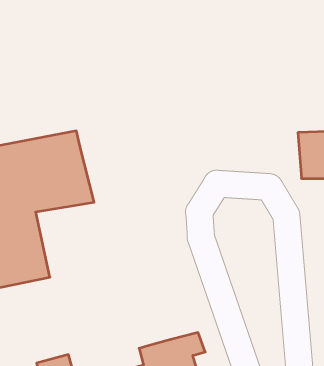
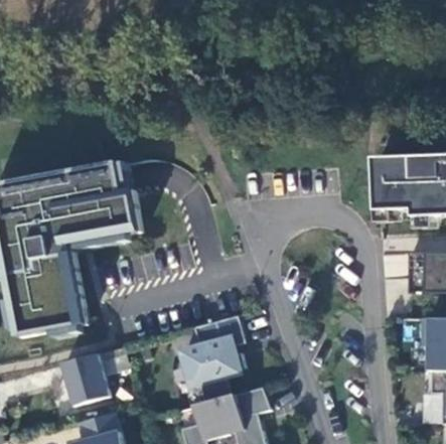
building: none -> [183,316,246,403]
building: none -> [62,354,111,407]

